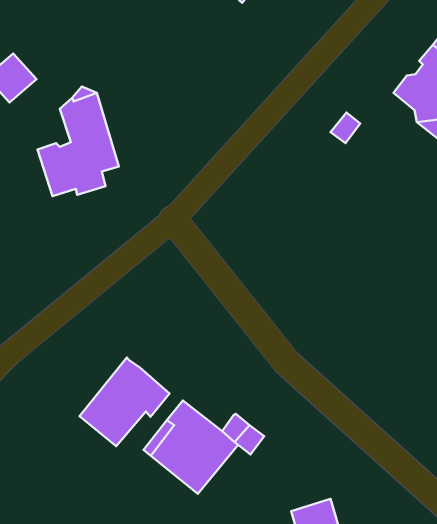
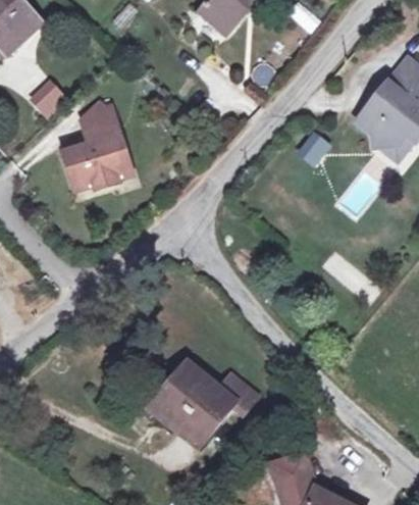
building: [79,358,170,446] -> none

